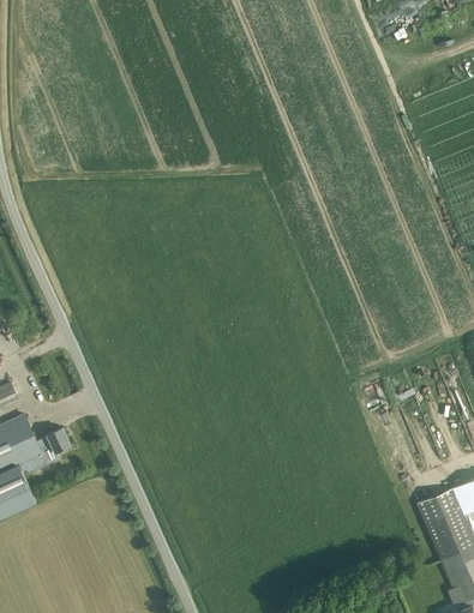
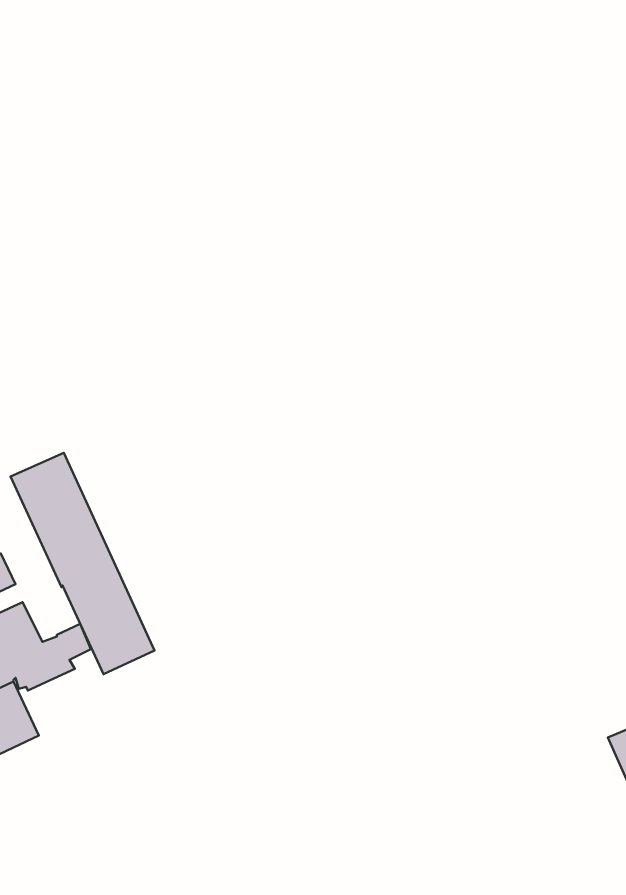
building: none -> [10,453,154,674]

